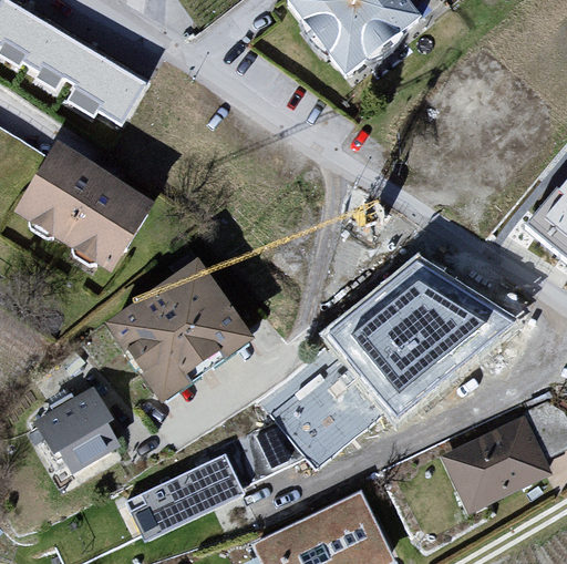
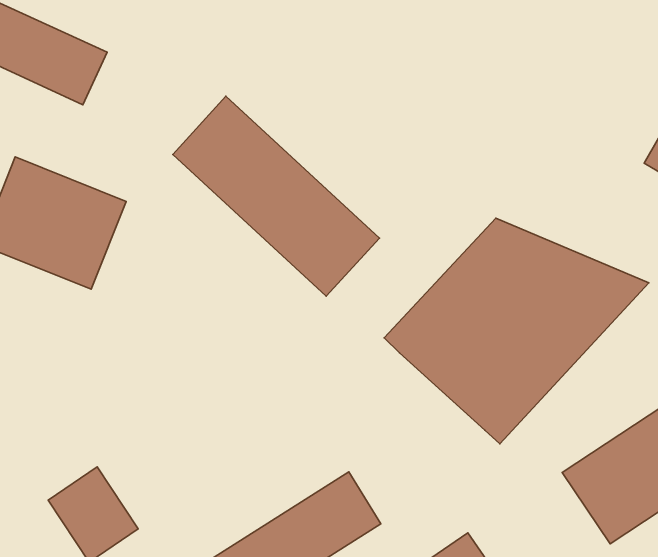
building: none -> [173,96,379,296]
building: [115,269,246,398] -> none
building: [259,346,384,470] -> none

